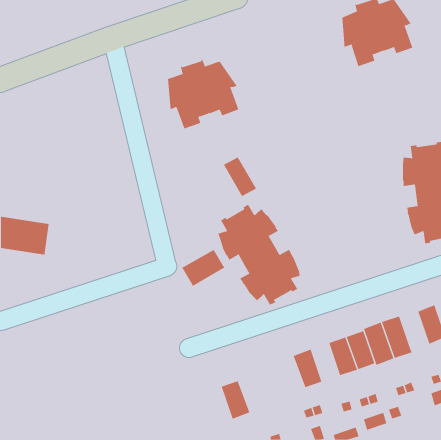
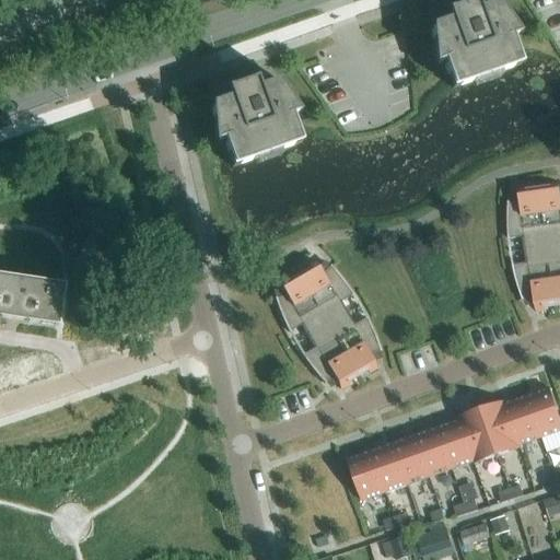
building: [223,157,257,197] -> none
building: [181,249,225,286] -> none
building: none -> [508,393,544,442]
building: none -> [395,432,431,481]
building: [221,380,250,419] -> [350,448,387,498]

